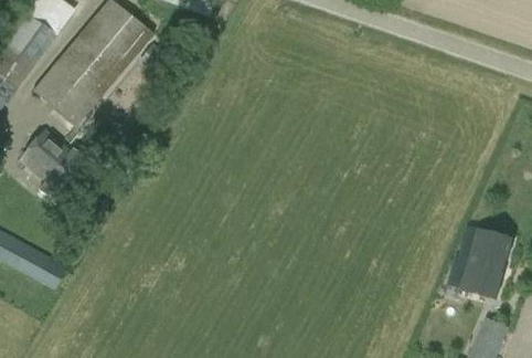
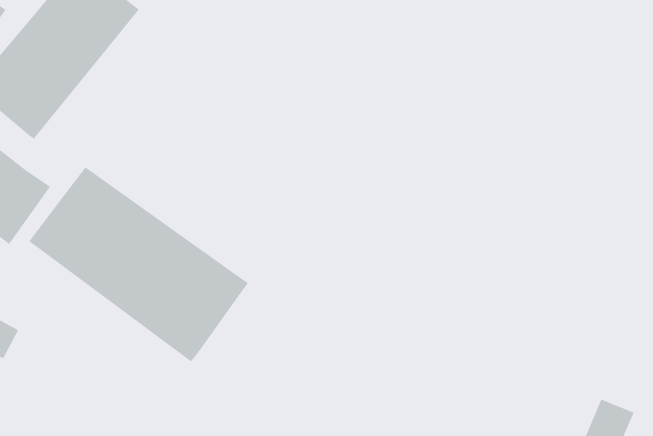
building: none -> [29,166,249,362]
building: [460,228,513,299] -> none

